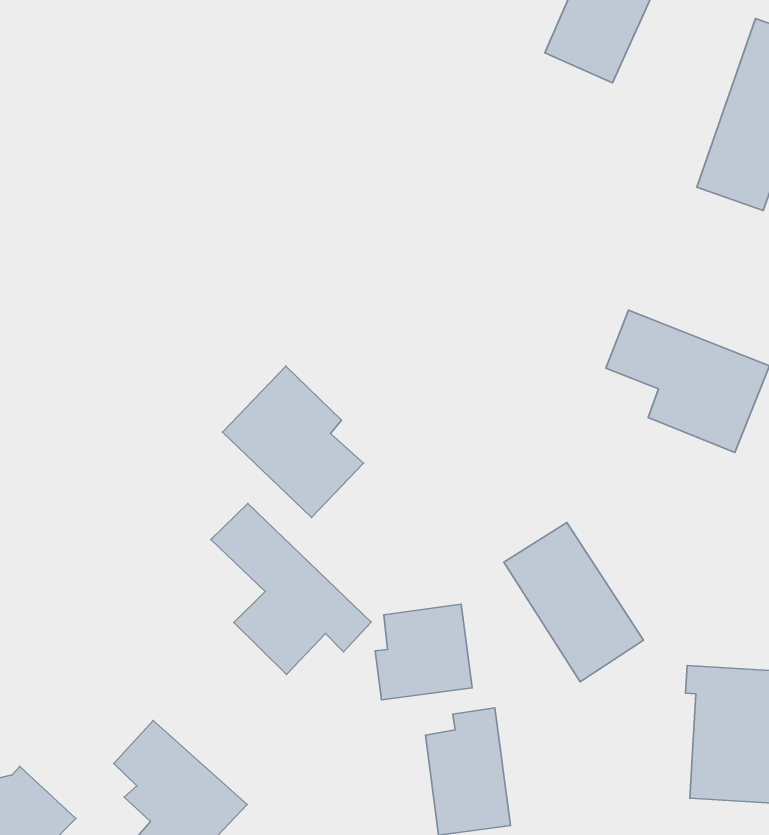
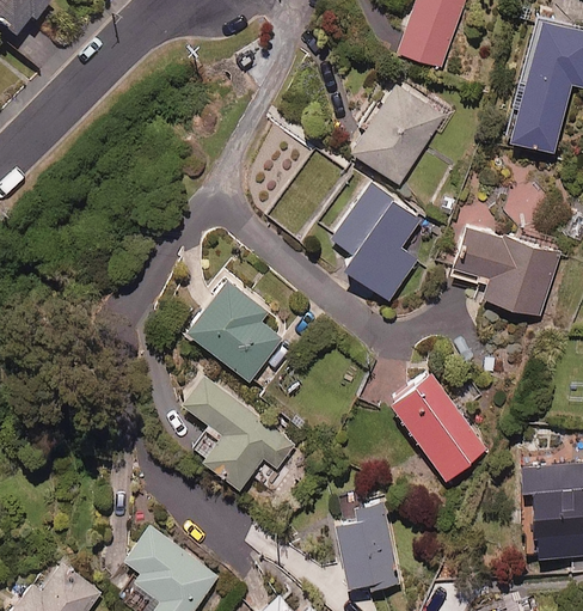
building: none -> [348,83,446,185]
building: none -> [329,183,418,300]
building: [375,604,472,700] -> none

